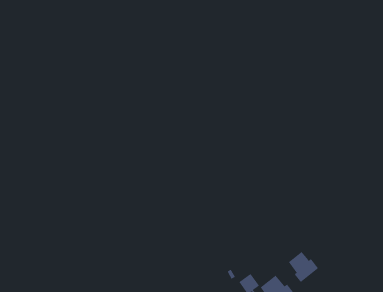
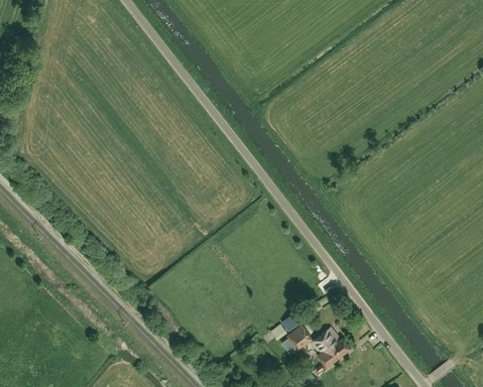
building: [288,251,319,283] -> none

